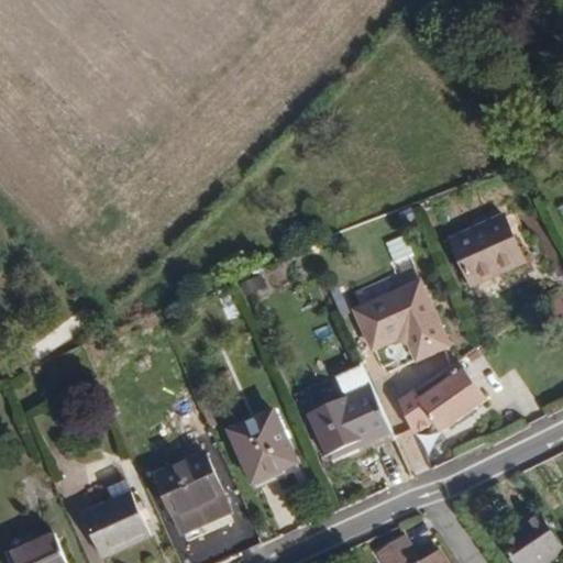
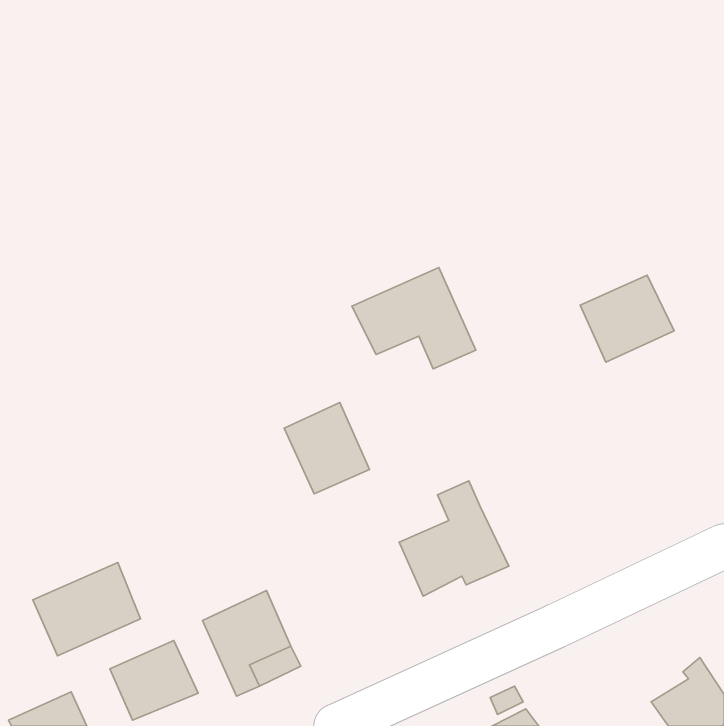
building: [352,283,448,361] -> [352,268,476,369]
building: [394,366,481,431] -> none
building: [228,415,294,485] -> [284,403,370,494]
building: none -> [33,562,140,656]

